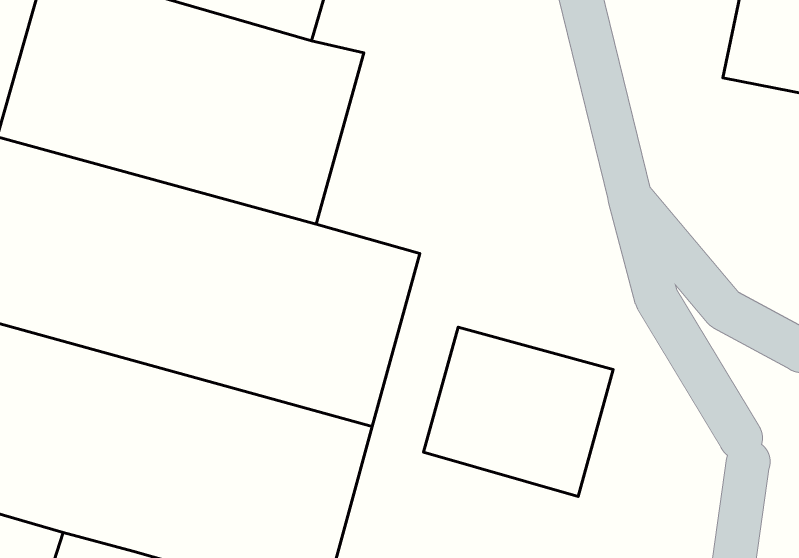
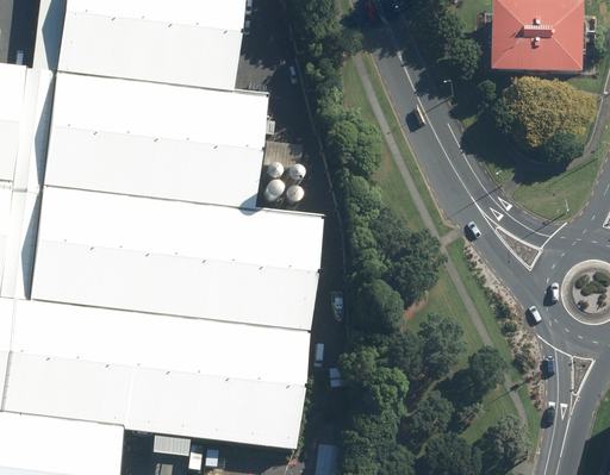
building: [424,327,613,497] -> none

